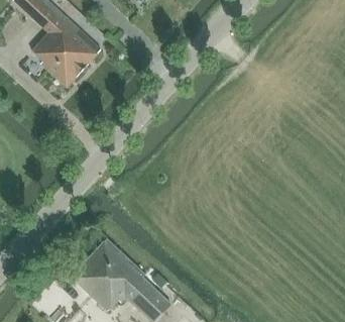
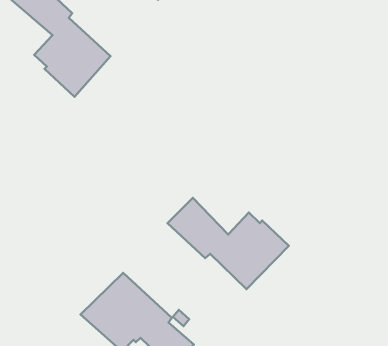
building: none -> [168,198,289,289]

